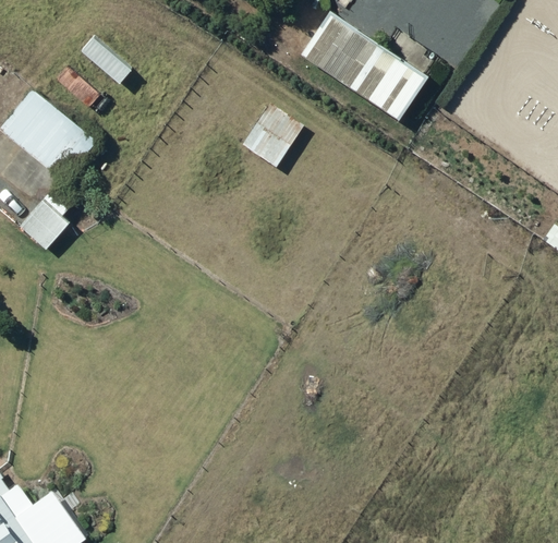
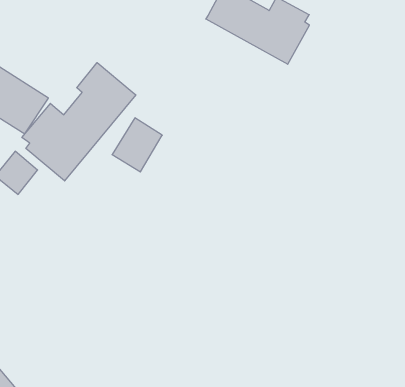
building: none -> [22,63,136,181]
building: [240,101,305,170] -> [112,118,162,172]

